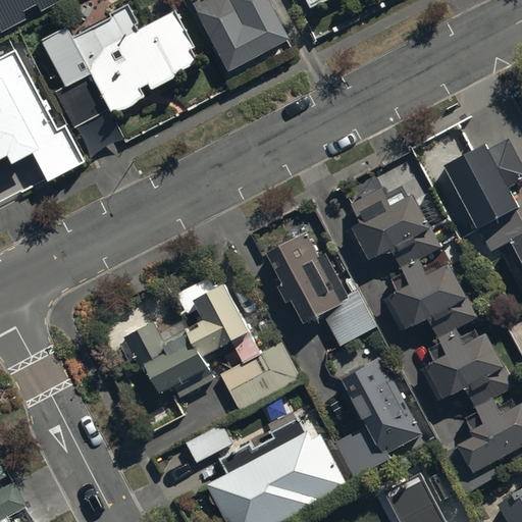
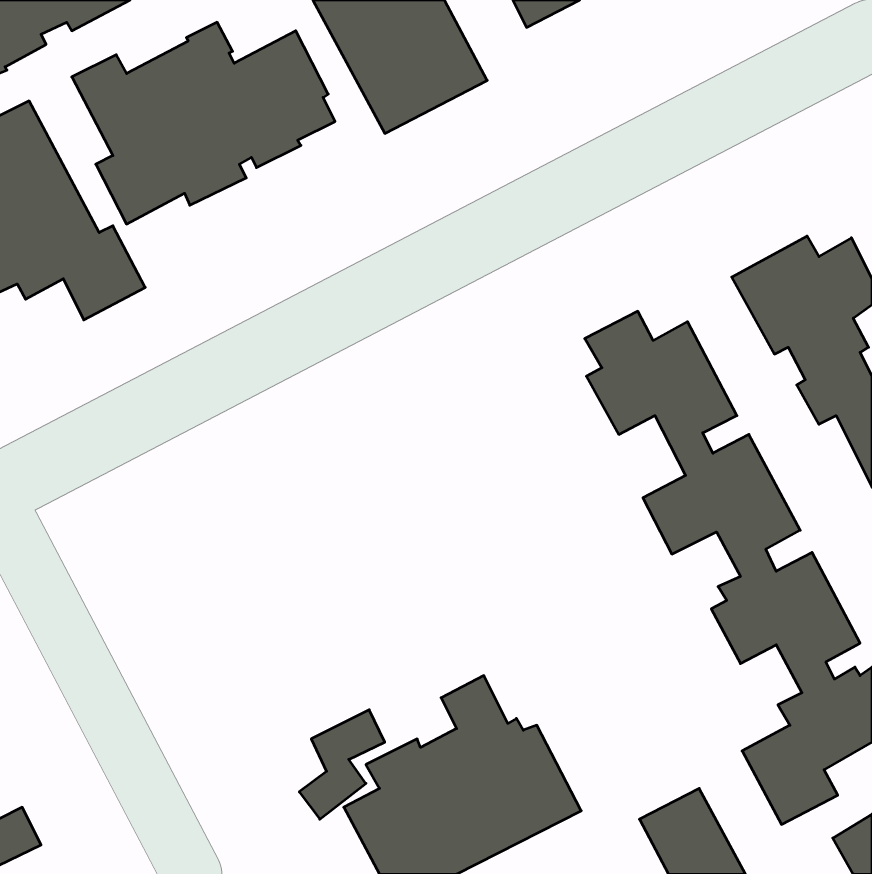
building: [265,230,376,346] -> none
building: [119,274,302,410] -> none
building: [336,356,420,477] -> none

